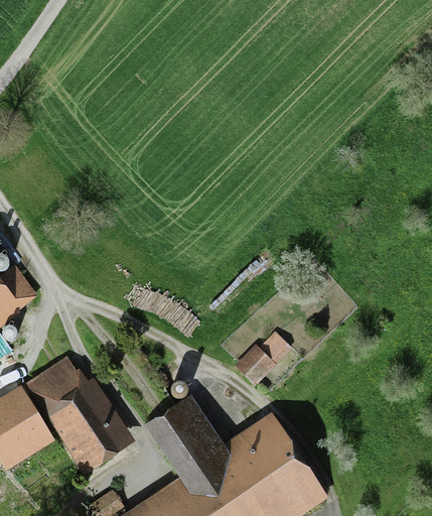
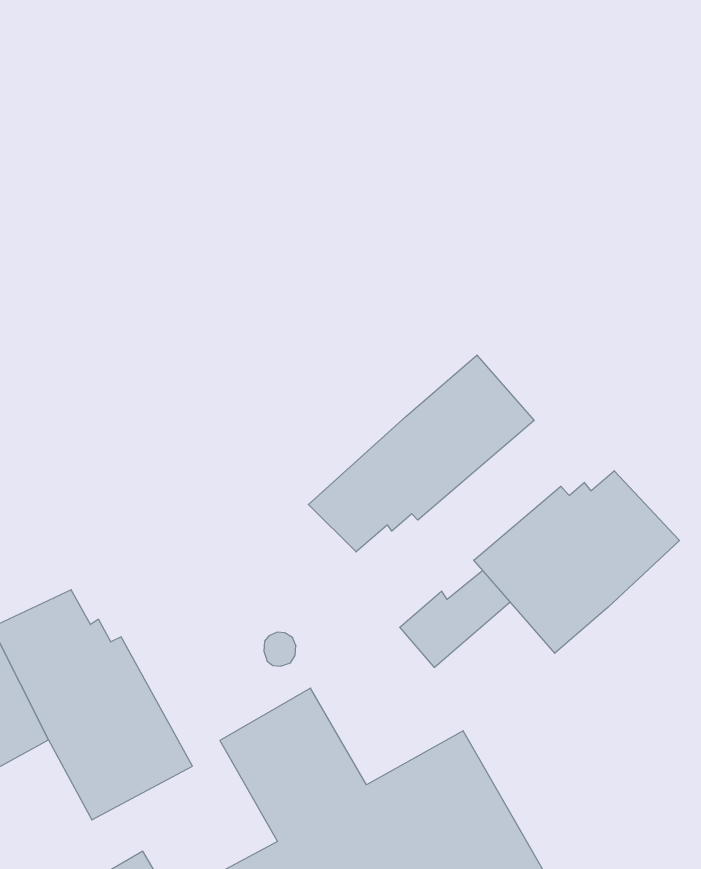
building: none -> [308,355,534,552]
building: none -> [474,471,679,653]

